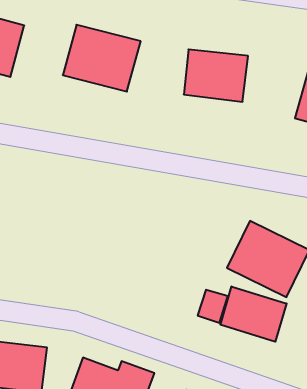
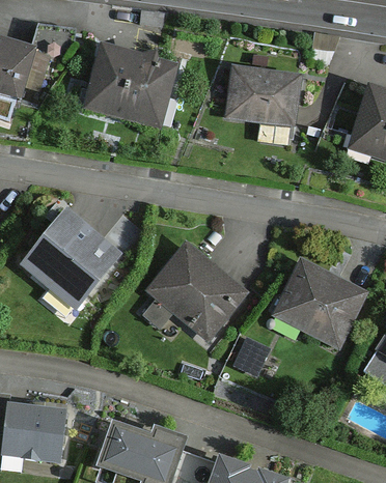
building: none -> [20,218,117,315]
building: none -> [144,246,244,339]
building: [220,286,287,342] -> none

